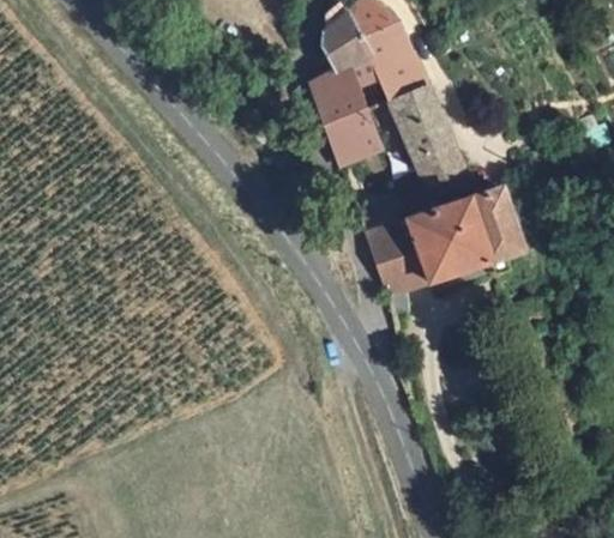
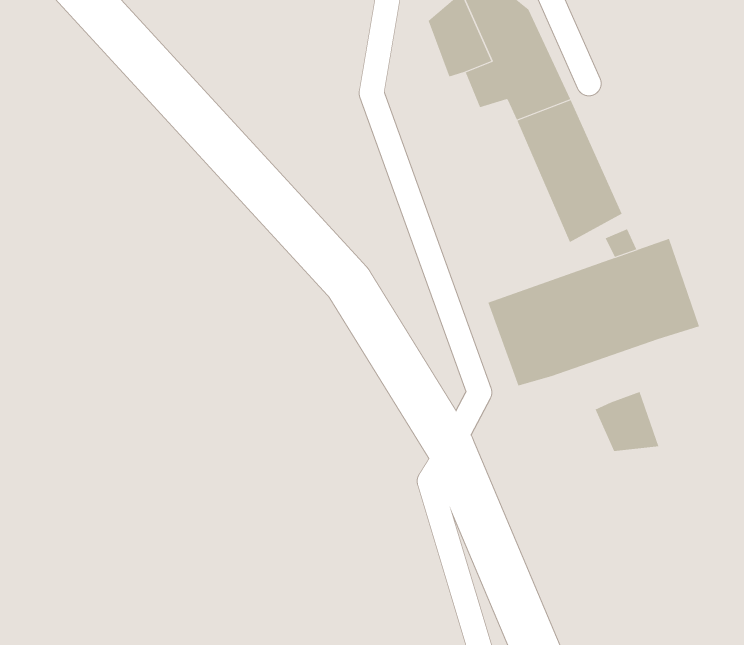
building: [311,64,383,167] -> none
building: none -> [595,391,659,452]

